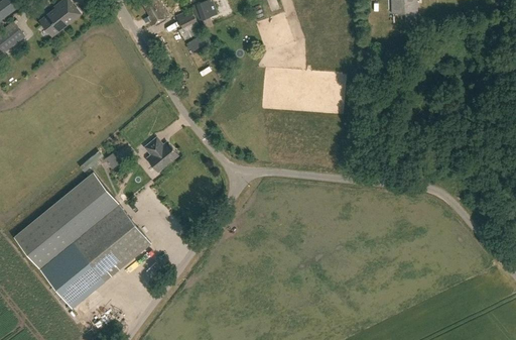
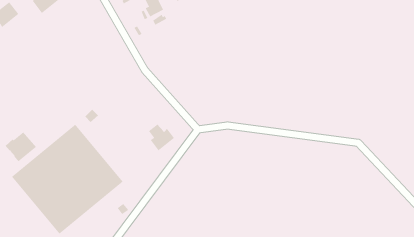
building: [145,137,177,171] -> [148,124,175,151]
building: none -> [5,131,37,162]

